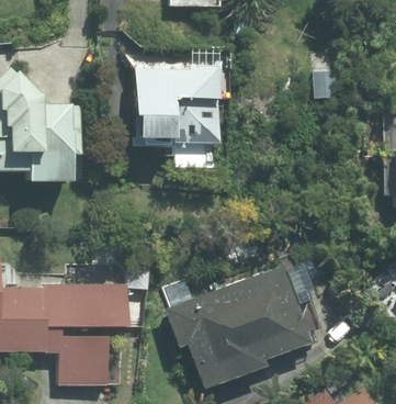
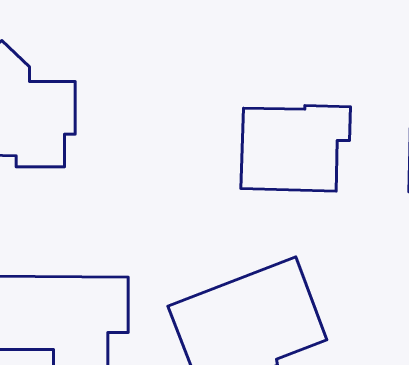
building: [134,66,234,144] -> [241,106,351,191]

